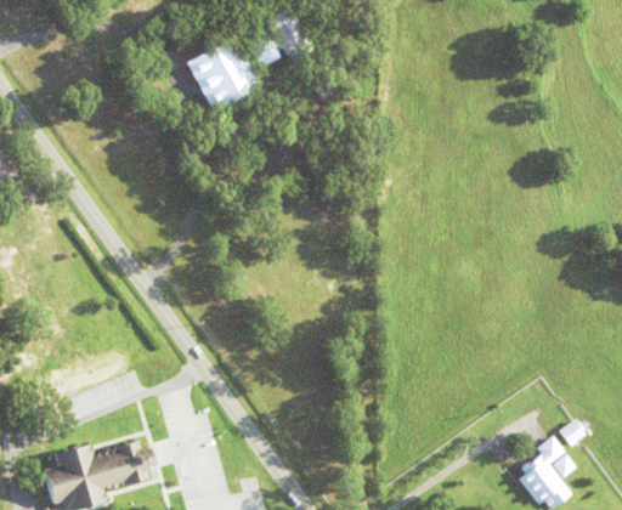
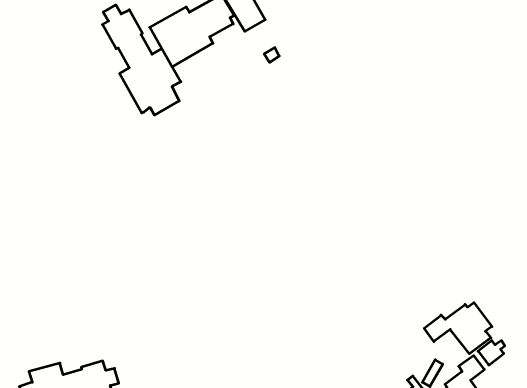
building: none -> [102,5,181,115]
building: none -> [424,303,492,354]

